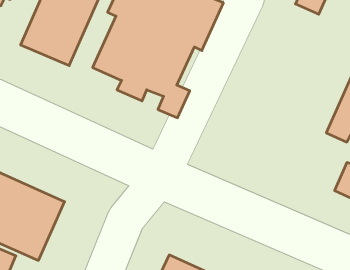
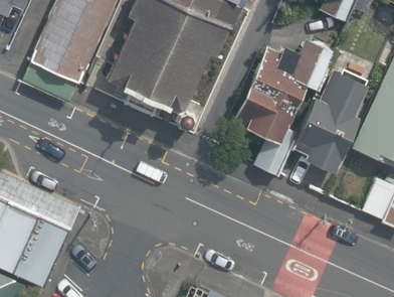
building: none -> [231,33,336,142]
building: none -> [296,71,369,171]

